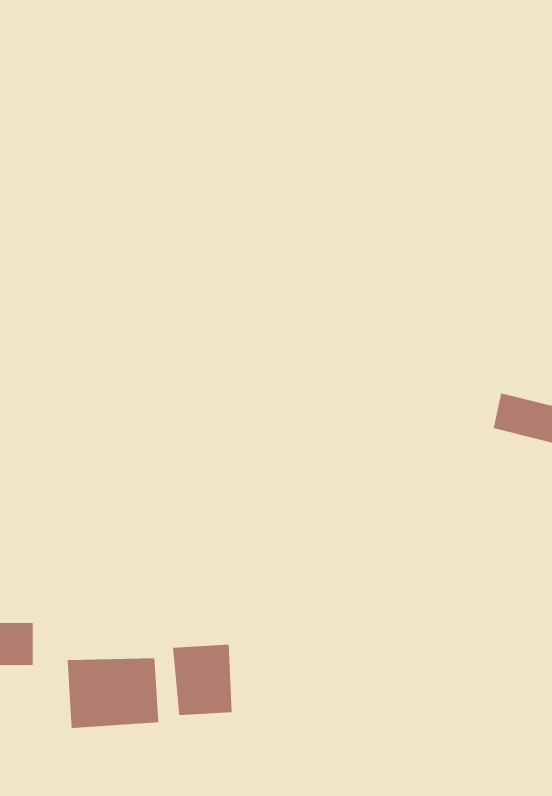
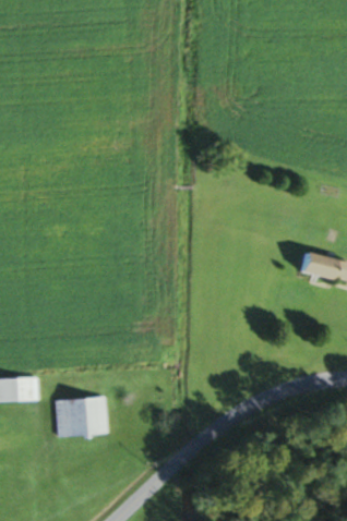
building: [172,644,232,716] -> none

